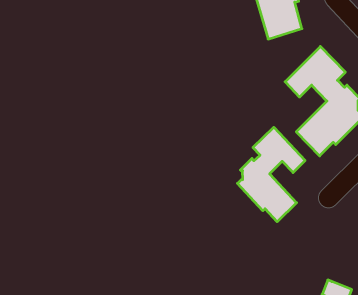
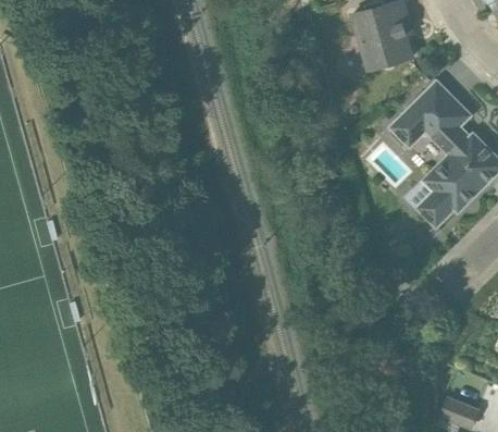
building: [237,127,305,222] -> none

